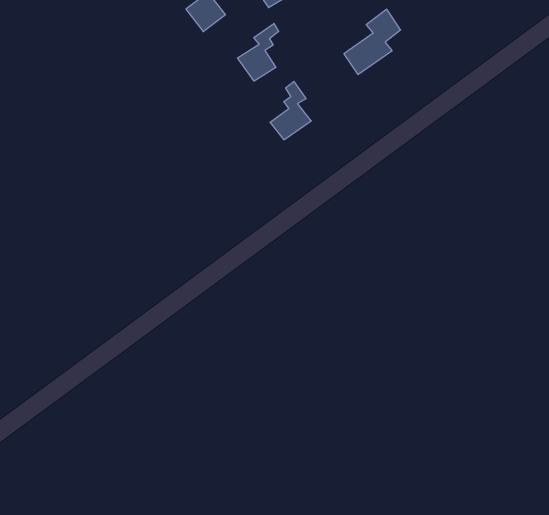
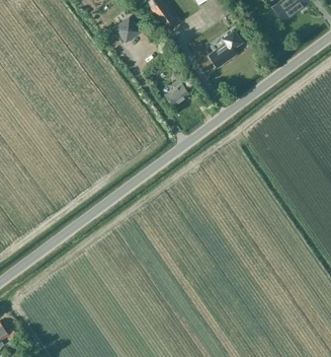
building: [237,23,279,81] -> none

